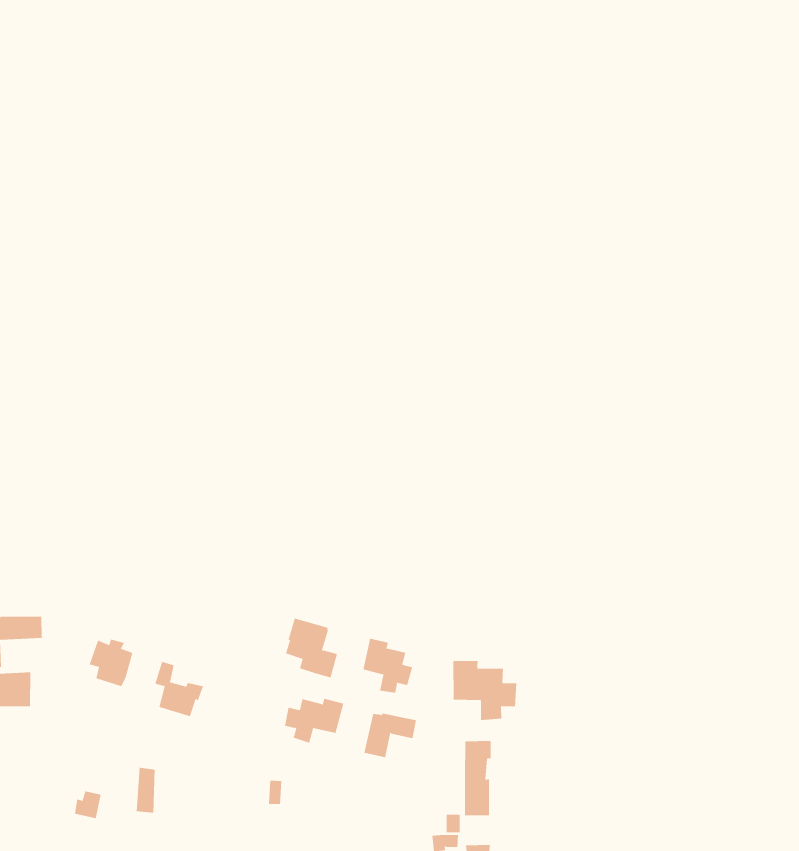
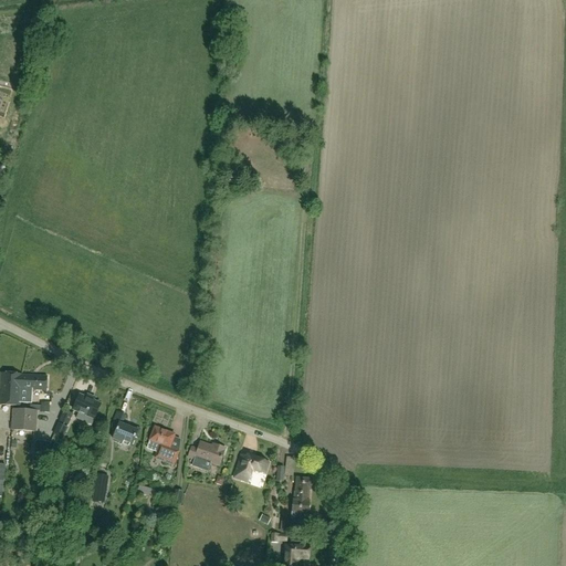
building: [285,618,338,678] -> [147,426,179,464]
building: [363,638,413,693] -> none
building: [453,660,517,721] -> none

